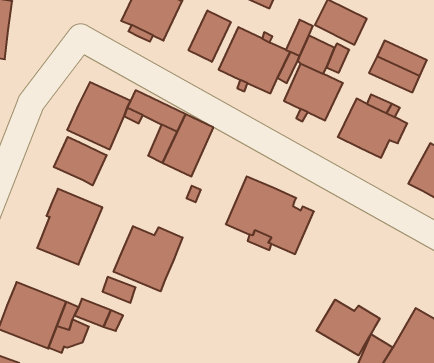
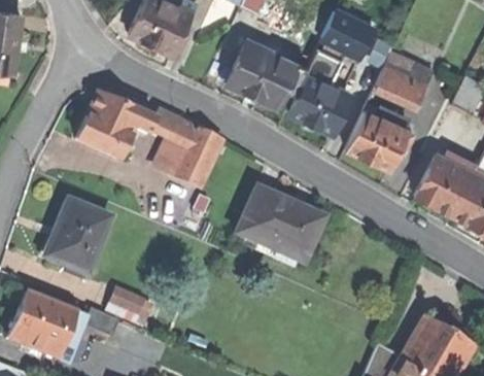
building: [189,10,231,62] -> none
building: [54,137,107,185] -> none
building: [114,226,183,291] -> none
building: [316,300,380,355] -> none

